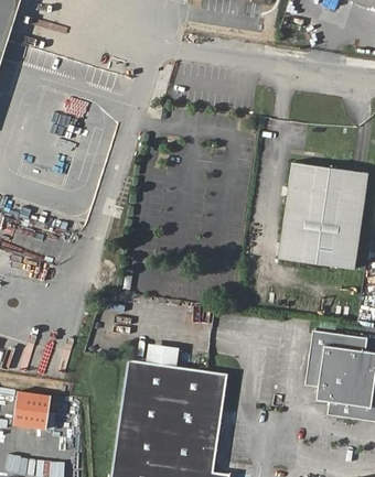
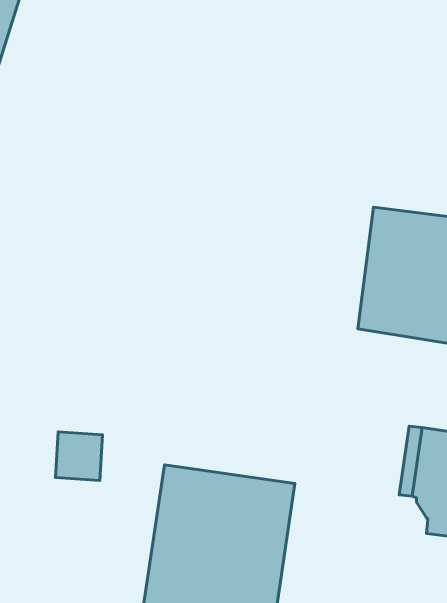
building: [13,391,50,429] -> [55,432,103,481]

